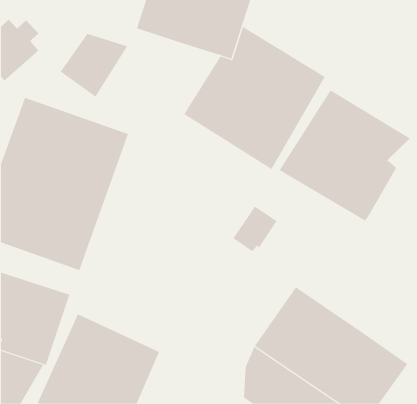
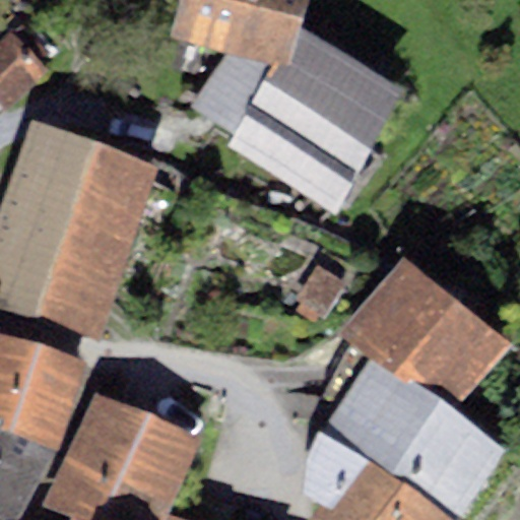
building: [60,33,128,98] -> [189,53,274,133]
building: [279,90,411,221] -> none
building: none -> [335,259,512,412]

